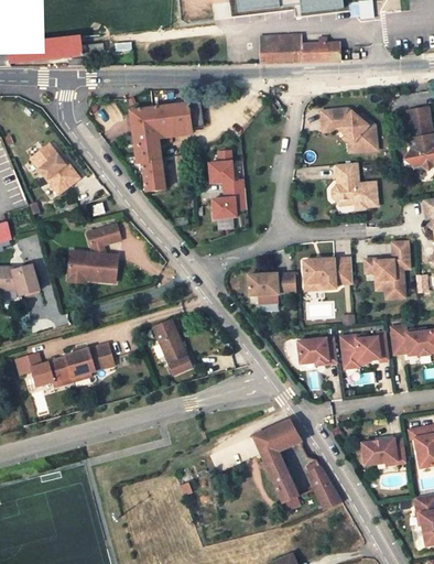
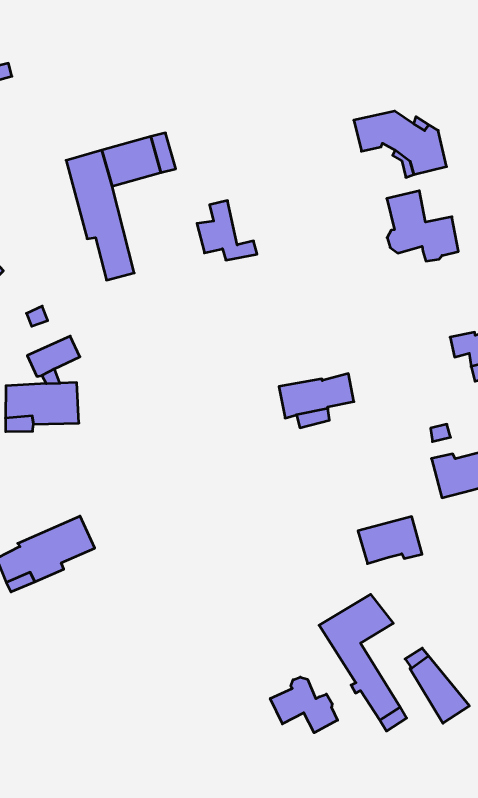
building: [259,33,339,63] -> none
building: [213,188,247,218] -> none
building: [303,259,352,291] -> none
building: [152,318,191,373] -> none
building: [297,338,337,365] -> [358,517,422,564]
building: none -> [270,677,338,733]

